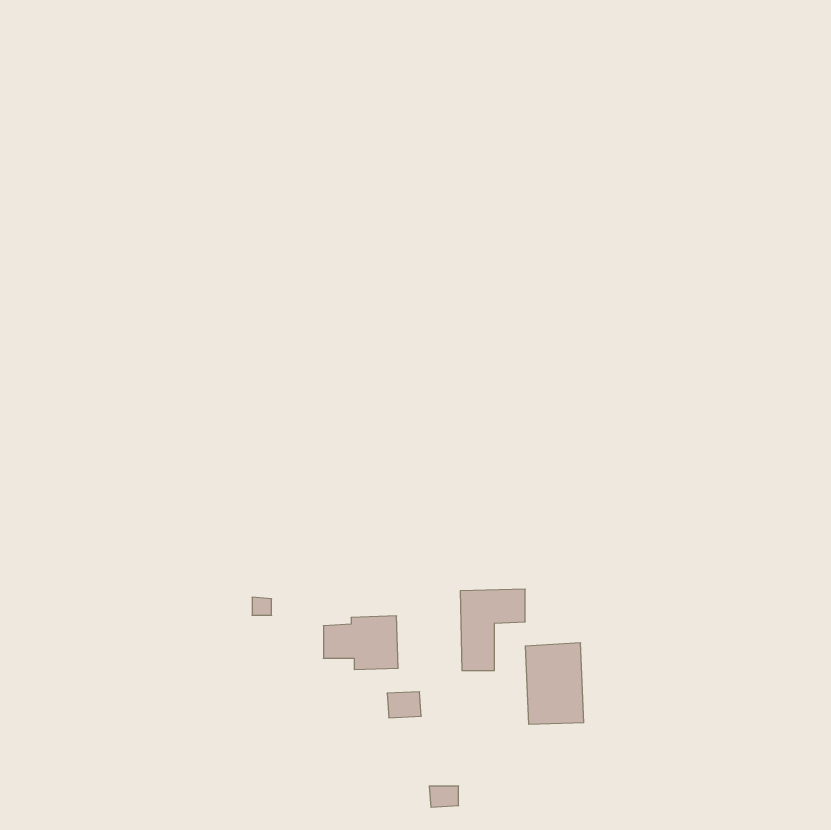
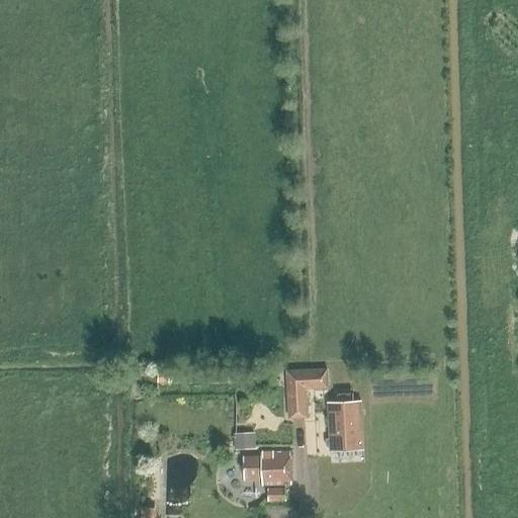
building: [323,616,398,670] -> [243,451,289,485]

